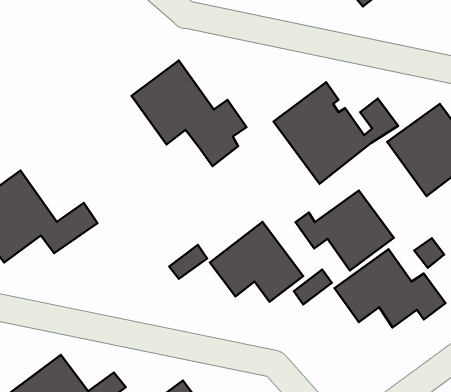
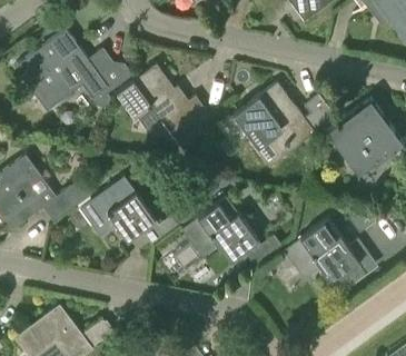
building: none -> [14,30,132,111]
building: [295,190,394,270] -> none
building: none -> [79,177,156,241]

